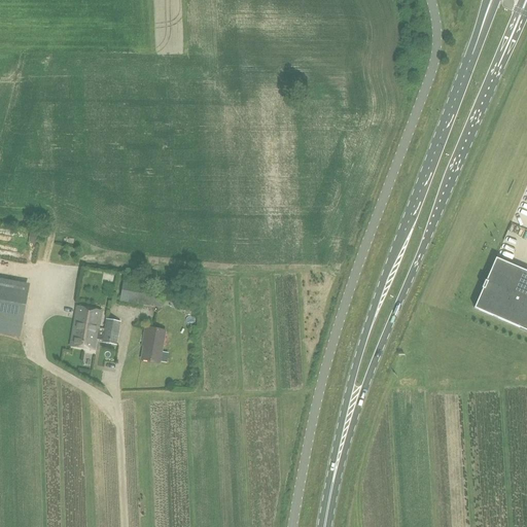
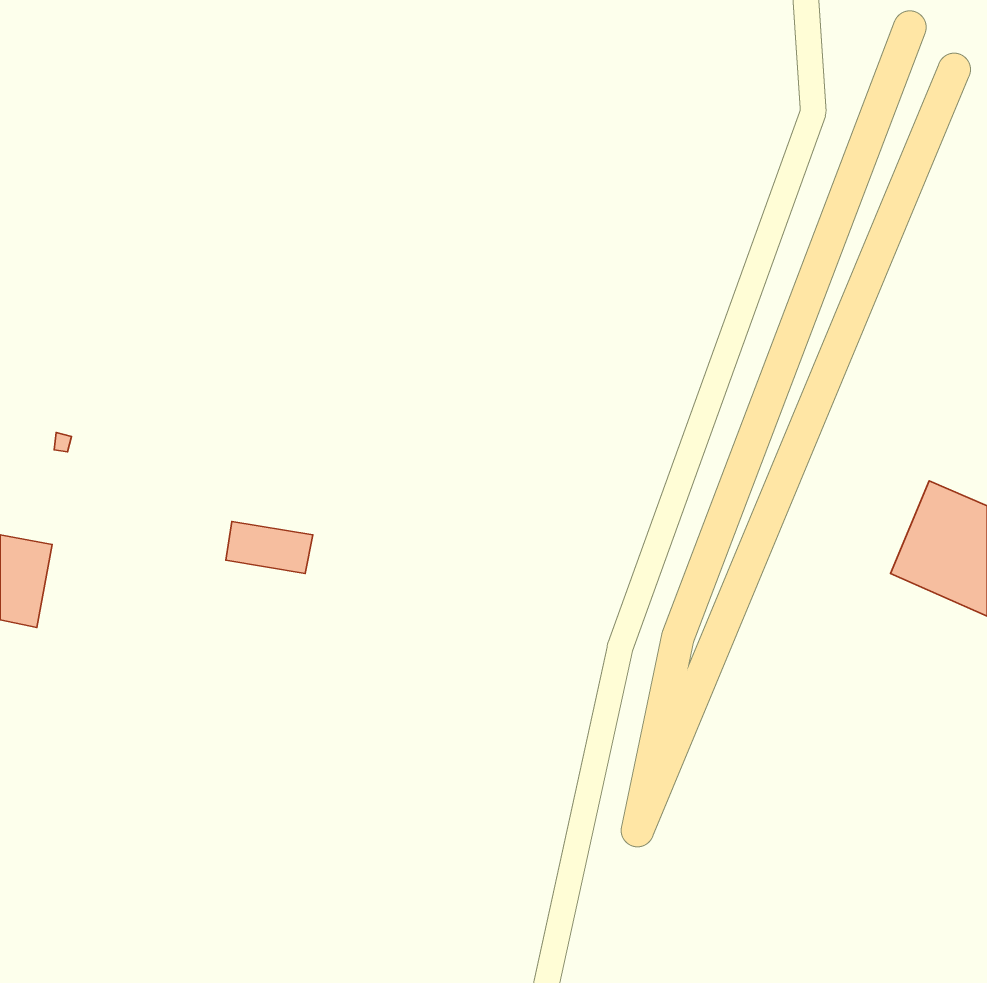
building: [70,304,120,348] -> none
building: [143,324,167,361] -> none

